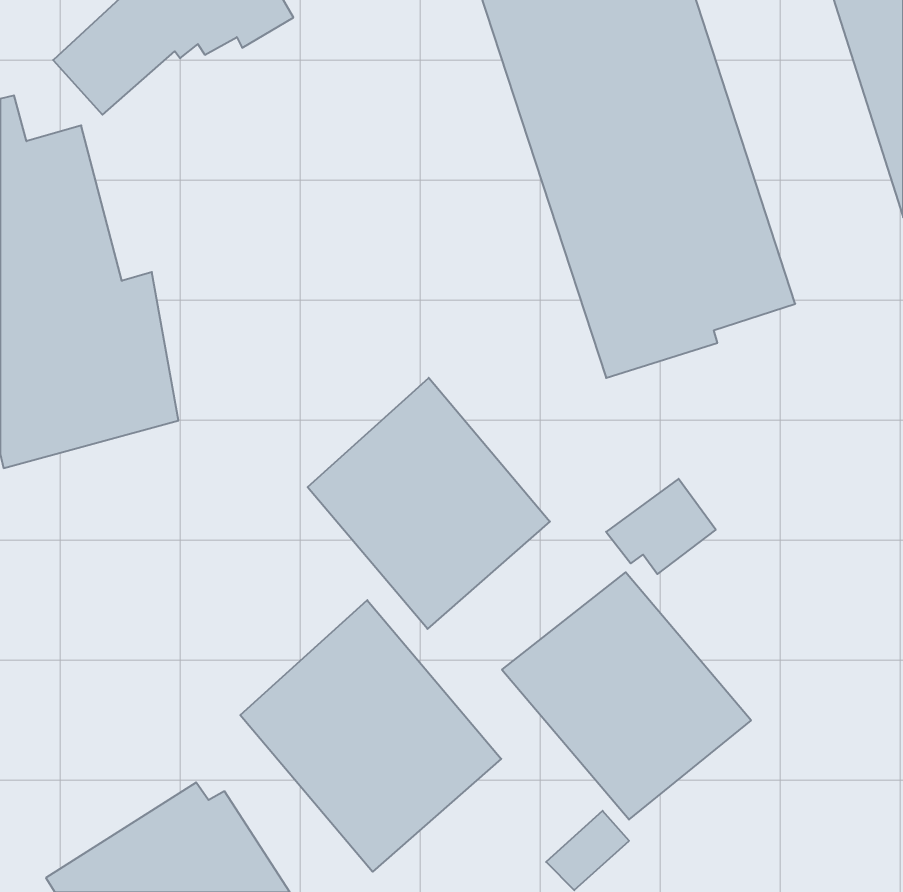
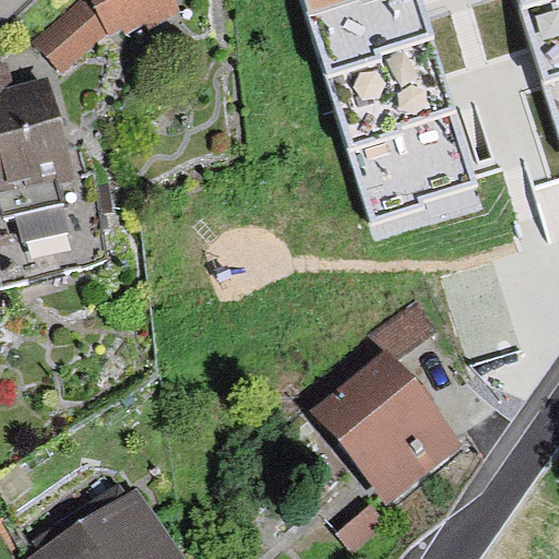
building: [308,378,550,629] -> none
building: [240,600,501,872] -> none

